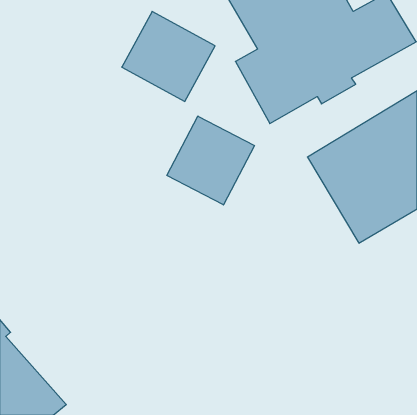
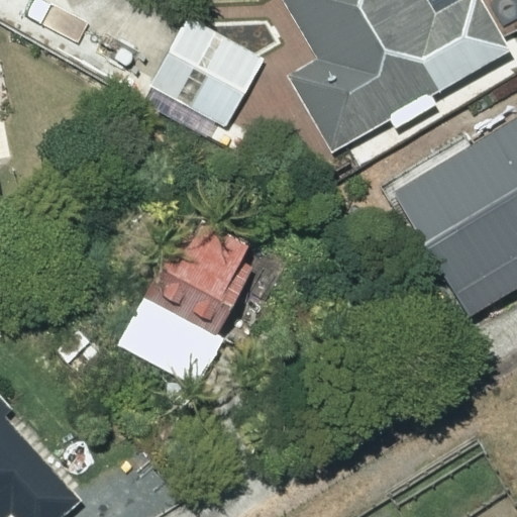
building: [167,116,254,205] -> none
building: none -> [122,223,254,399]

